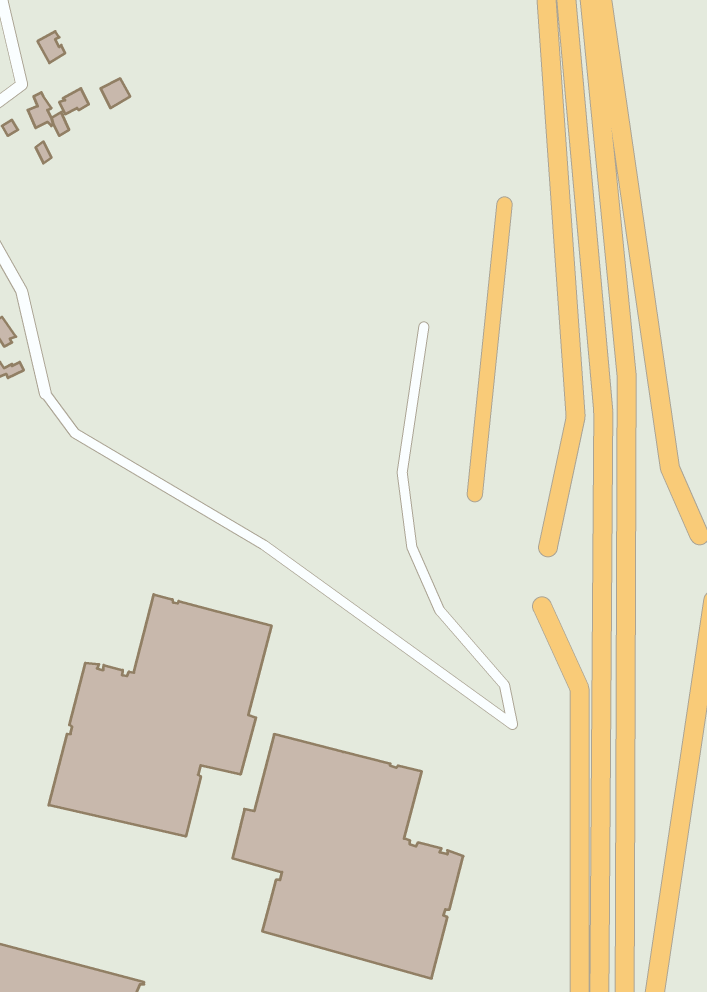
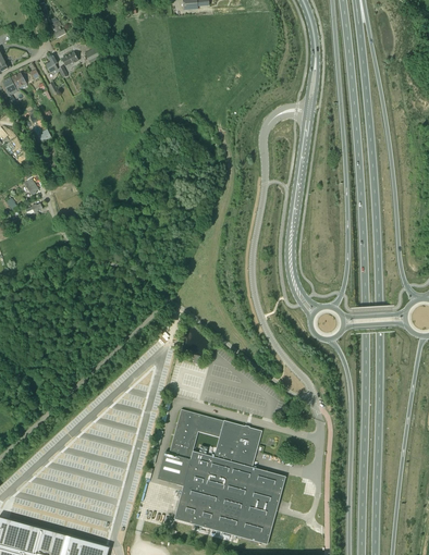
building: [49,594,271,836] -> none

